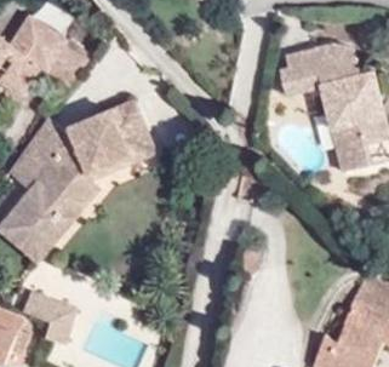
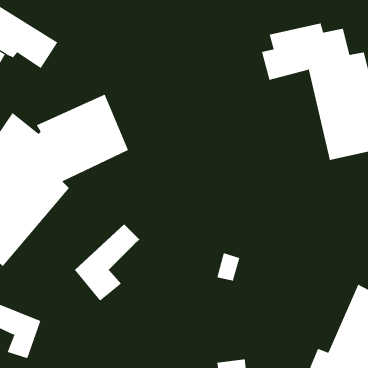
building: none -> [74,224,141,301]

